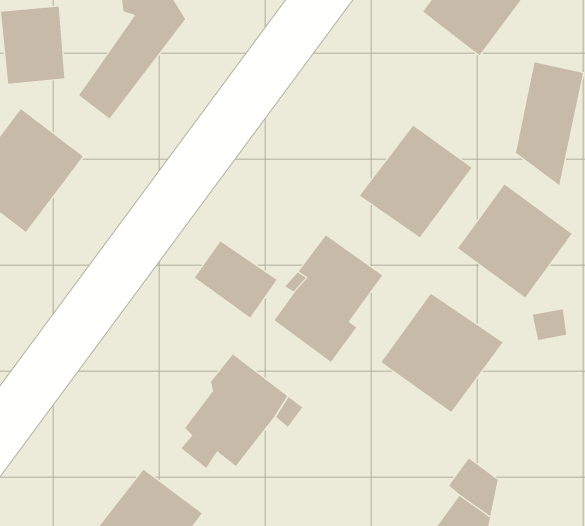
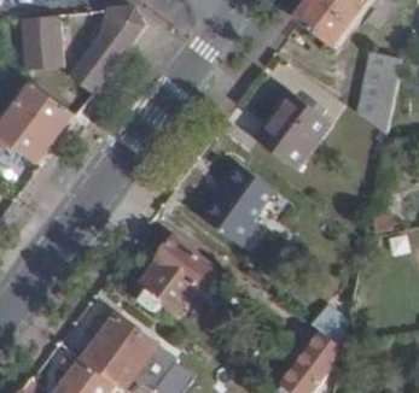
building: [457,184,572,299] -> none
building: [194,240,278,318] -> none
building: [380,293,503,413] -> none

